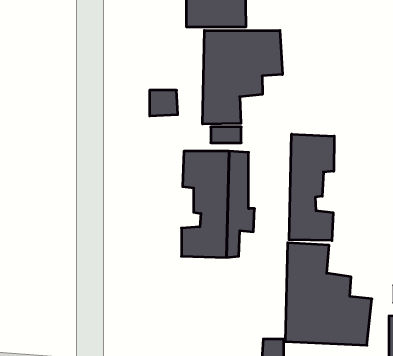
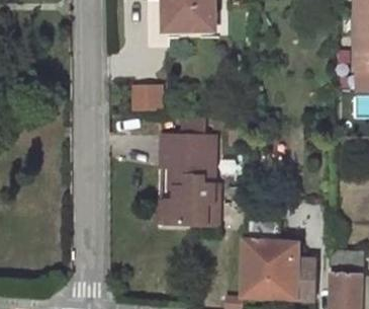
building: [203,30,282,124] -> none
building: [289,134,334,241] -> none

